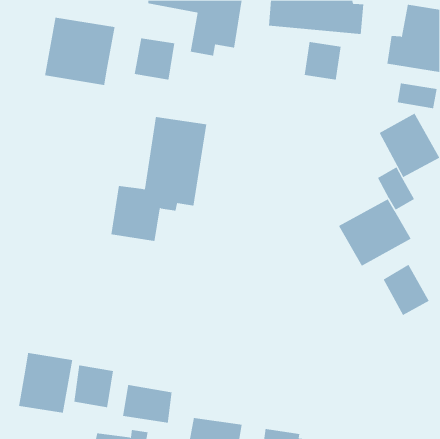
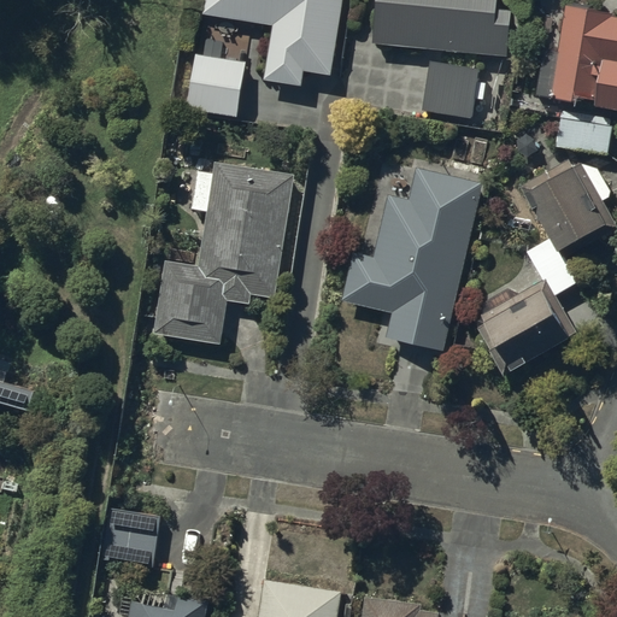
building: [45,17,115,86] -> none
building: none -> [343,169,477,347]
building: [383,264,429,316] -> none
building: [18,352,73,414] -> none
building: [123,384,172,424] -> none

